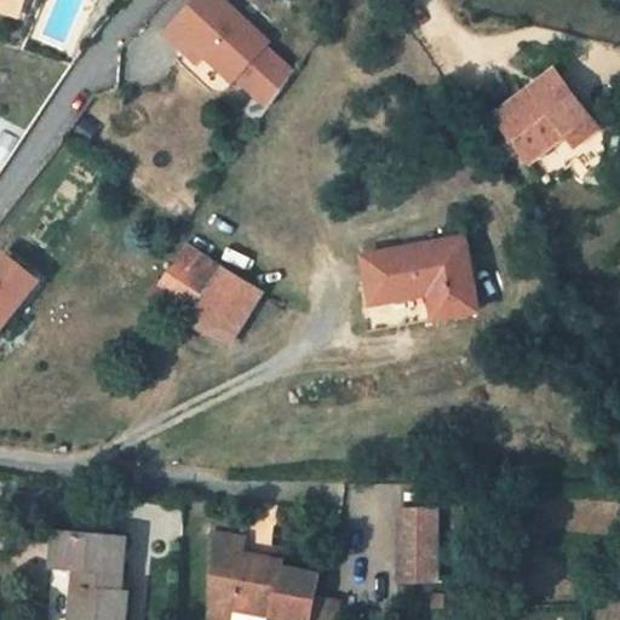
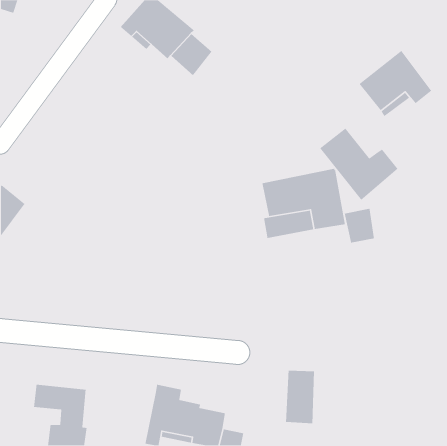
building: none -> [319,128,398,201]
building: [159,242,258,344] -> none
building: none -> [344,208,375,244]

